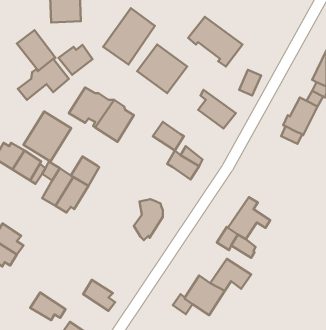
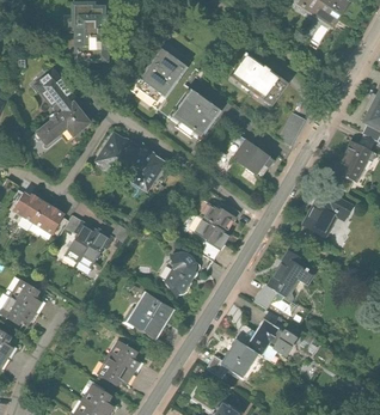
building: [58,45,92,75] -> none
building: [24,111,71,162] -> none
building: [153,122,184,151] -> [195,218,228,249]
building: none -> [301,189,351,236]
building: [71,156,99,186] -> none
building: none -> [125,291,173,340]
building: [30,292,66,320] -> [98,355,136,385]

